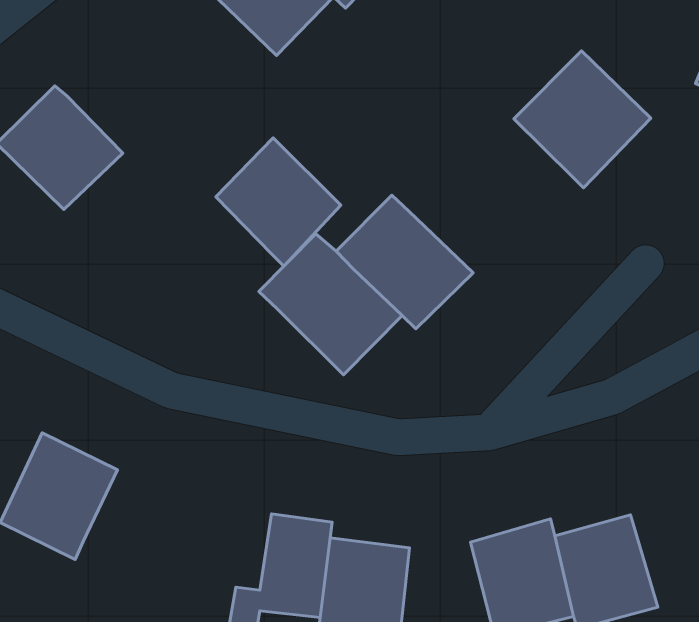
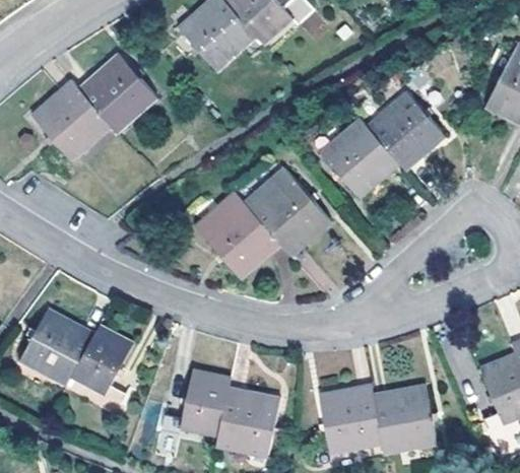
building: none -> [320,117,402,200]
building: [216,138,341,266] -> [79,52,159,135]
building: none -> [69,323,132,425]

